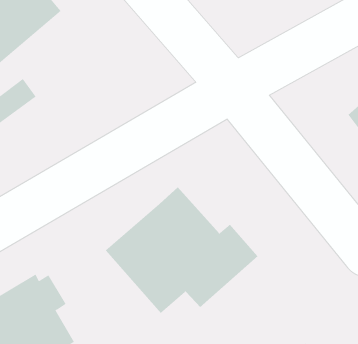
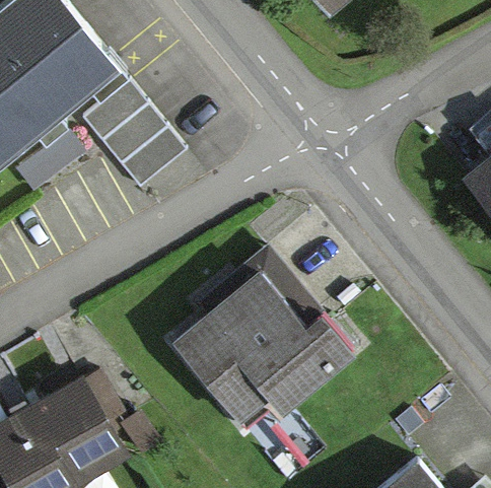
building: none -> [85,87,185,191]

